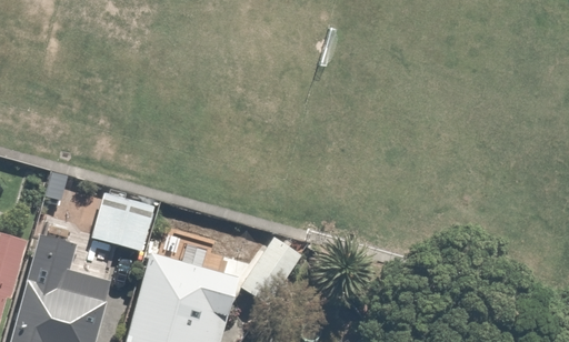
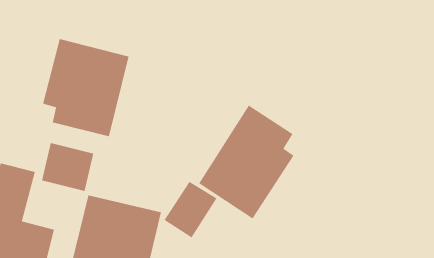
building: none -> [42,38,129,137]
building: none -> [198,105,294,220]

